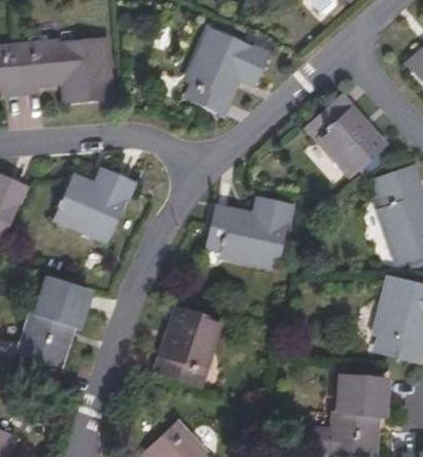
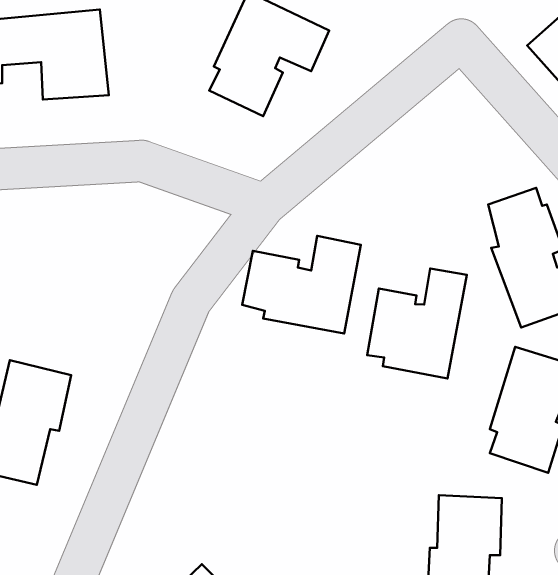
building: [304,96,381,174] -> none
building: [57,170,132,239] -> none
building: none -> [367,268,467,378]
building: [155,308,217,385] -> none

